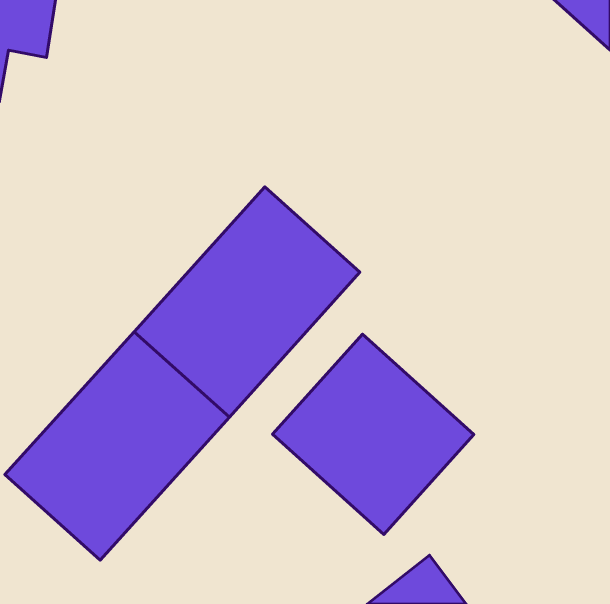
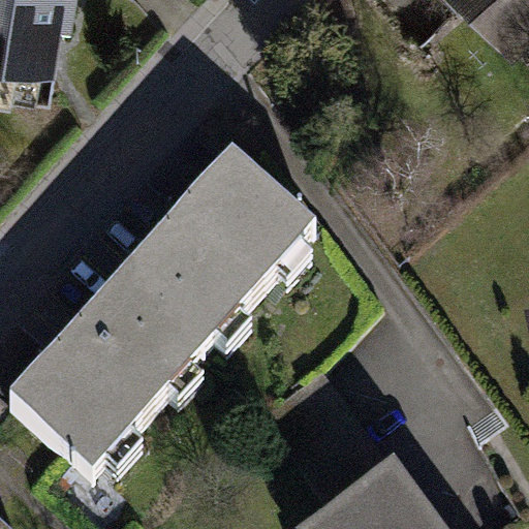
building: [272,334,474,534] -> none

